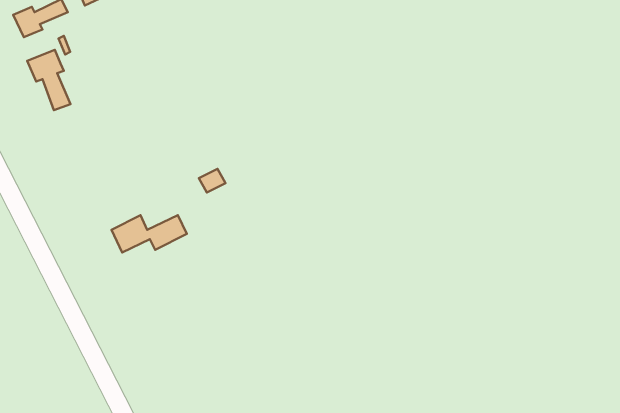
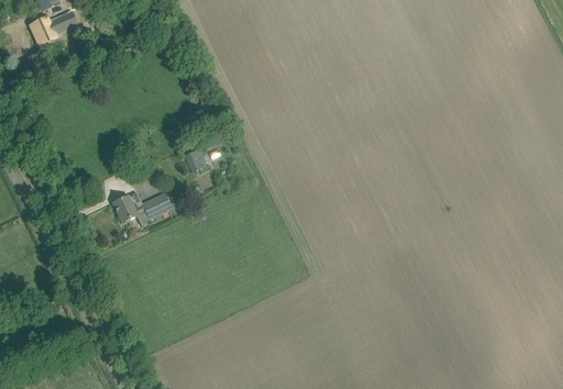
building: [27,50,70,110] -> none

